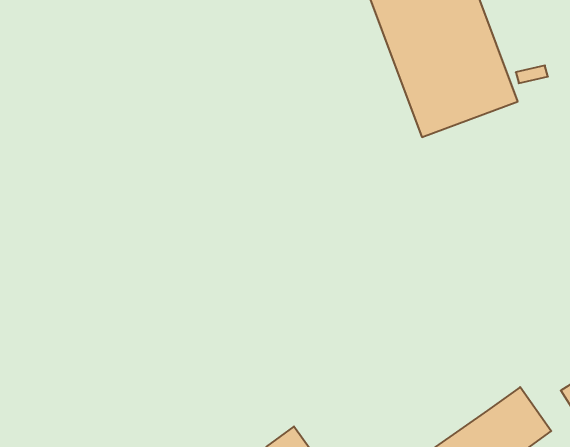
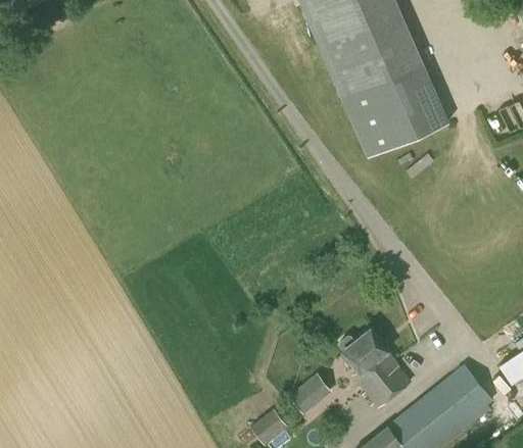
building: none -> [339,331,411,406]
building: none -> [289,376,332,416]

